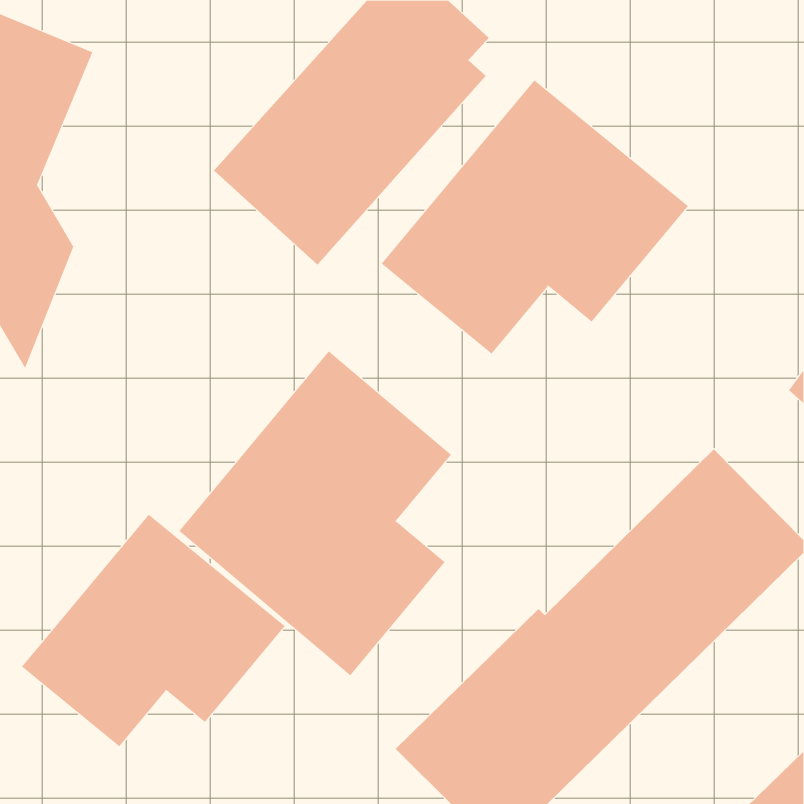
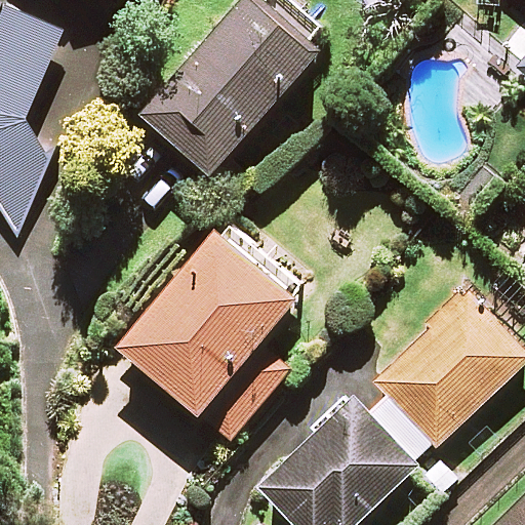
building: [381,79,689,354] -> none
building: [21,514,285,747] -> none

